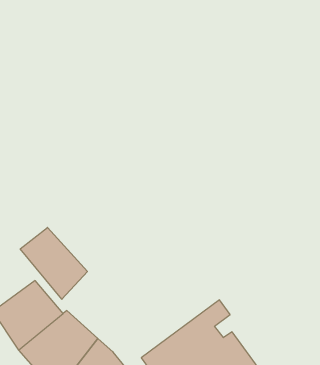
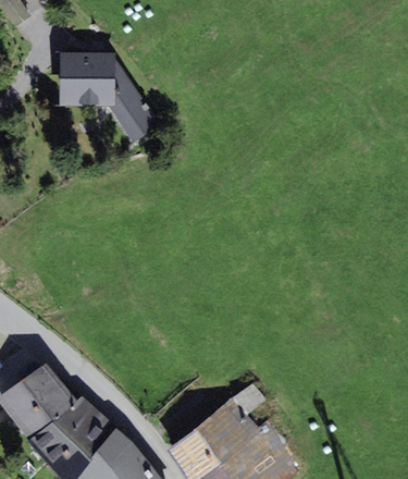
building: none -> [58,52,159,143]
building: [20,227,87,299] -> none

